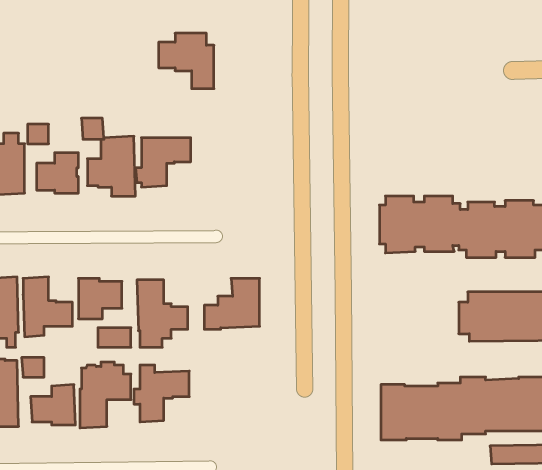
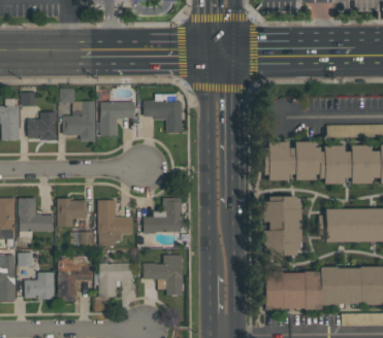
building: [159,33,214,89] -> [143,93,182,131]
building: none -> [263,196,301,255]
building: none -> [142,255,182,295]

